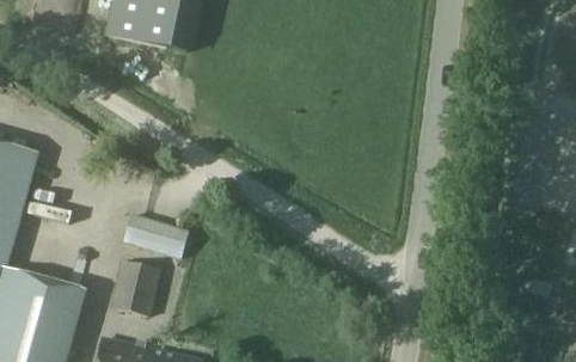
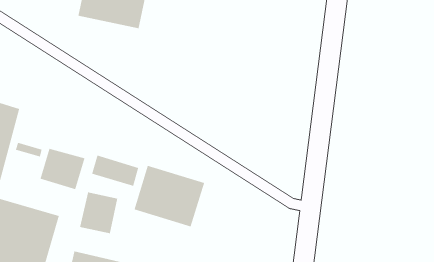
building: none -> [40,148,86,190]
building: none -> [133,165,205,227]

